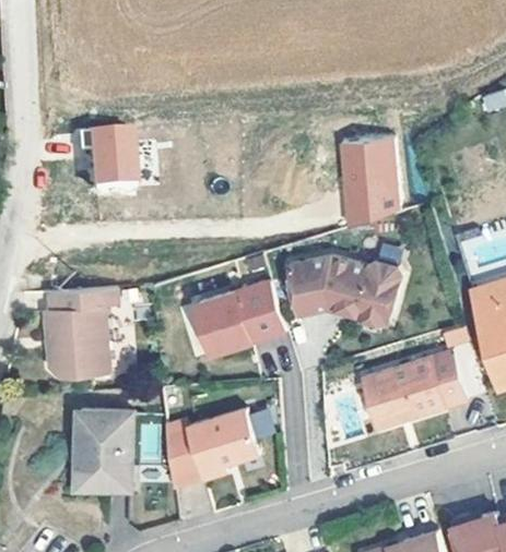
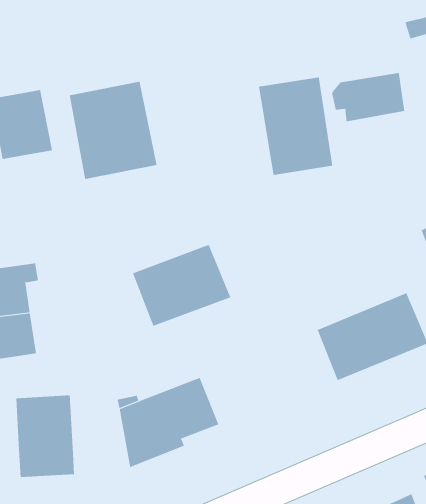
building: none -> [69,81,157,180]
building: none -> [332,72,405,122]
building: [289,253,399,321] -> none
building: [66,453,136,495] -> none

